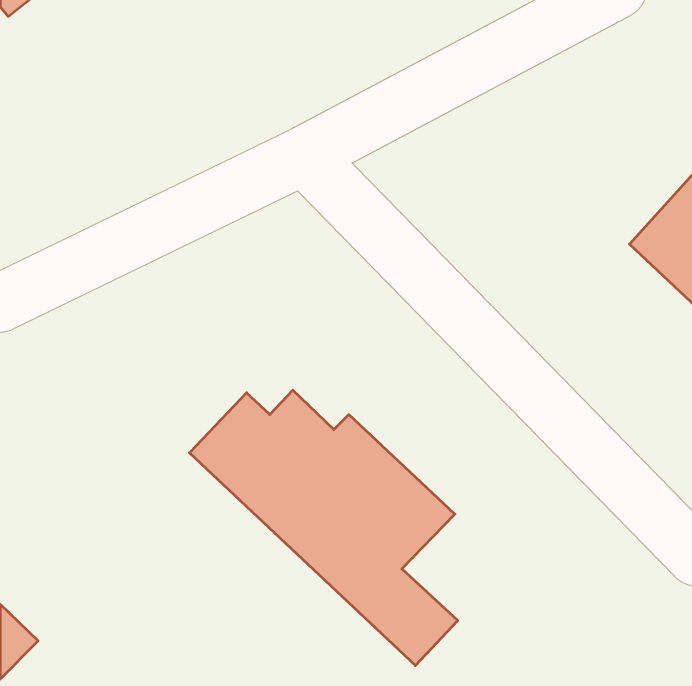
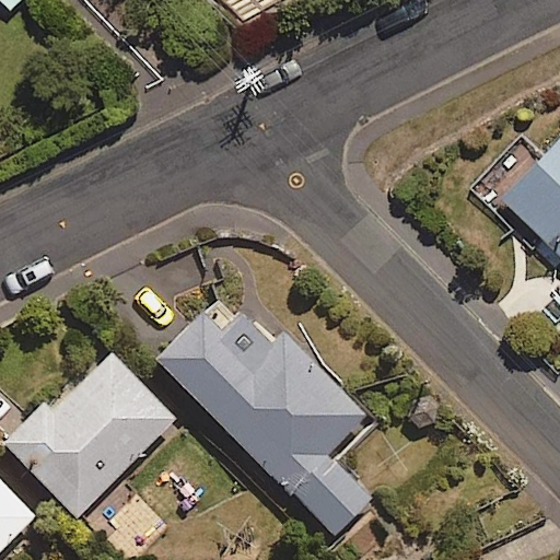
building: none -> [8,351,175,517]

